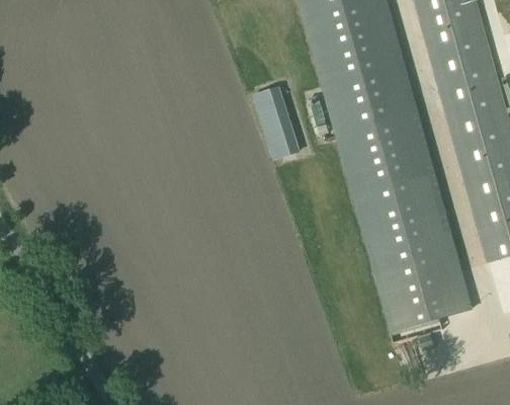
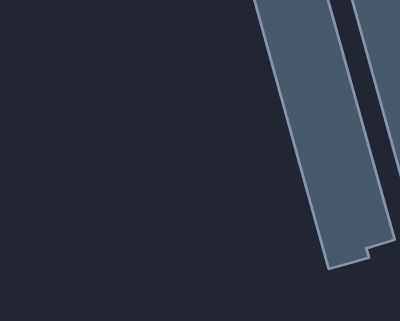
building: [252,84,300,158] -> none

